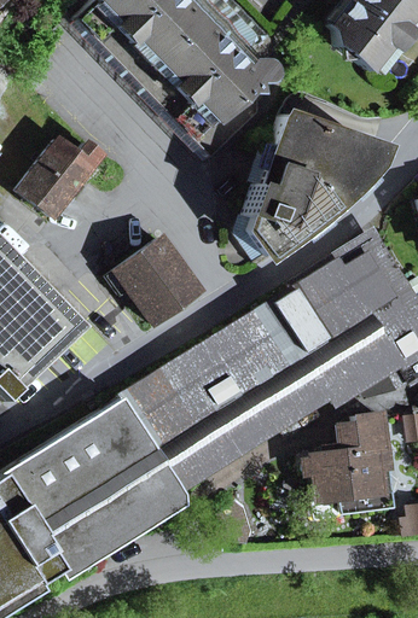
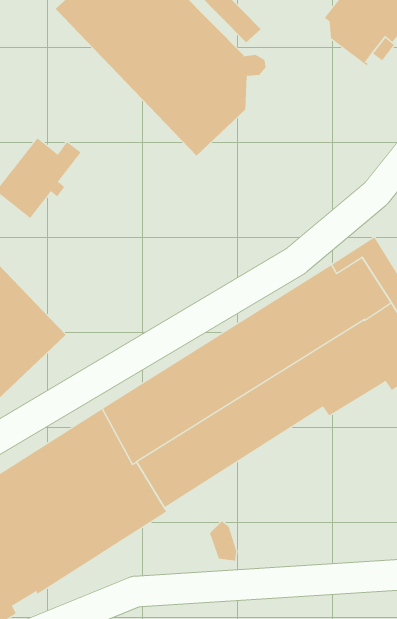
building: [246,113,381,256] -> none
building: [110,238,201,322] -> none
building: [304,413,395,512] -> none

